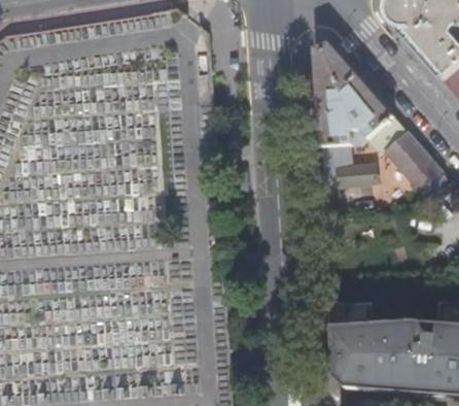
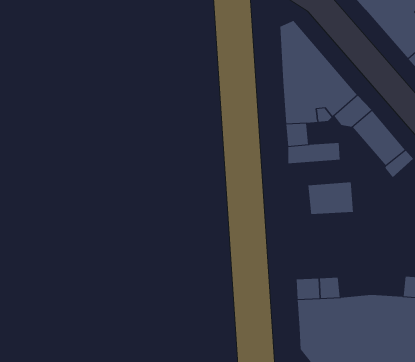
building: none -> [308,181,354,215]

